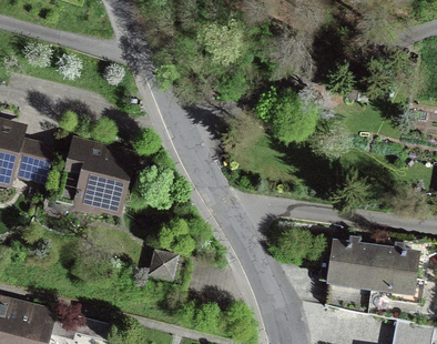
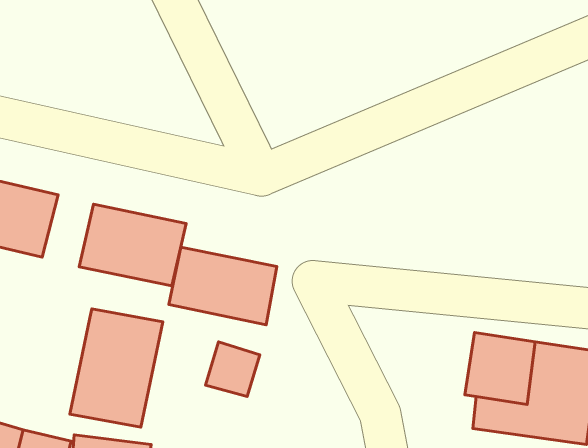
building: none -> [169,247,277,325]
building: none -> [70,309,163,427]

